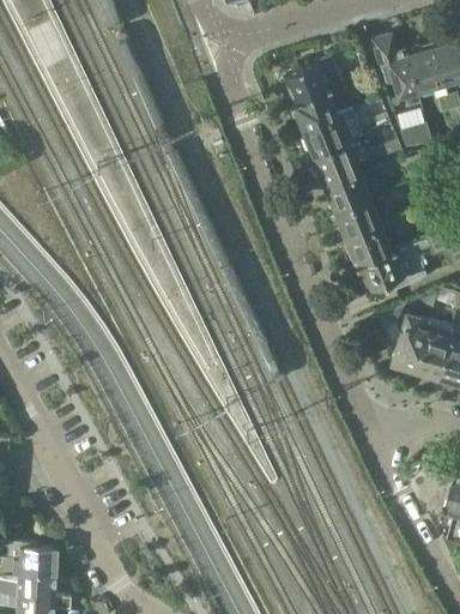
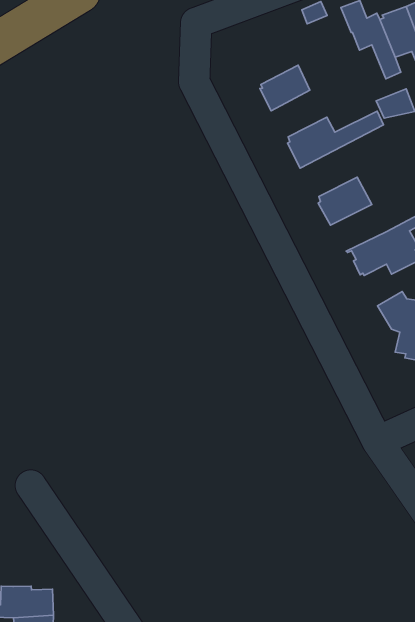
building: [285,61,333,106] -> none
building: [301,115,351,156] -> none
building: [322,154,402,213] -> none
building: [345,225,395,266] -> none

